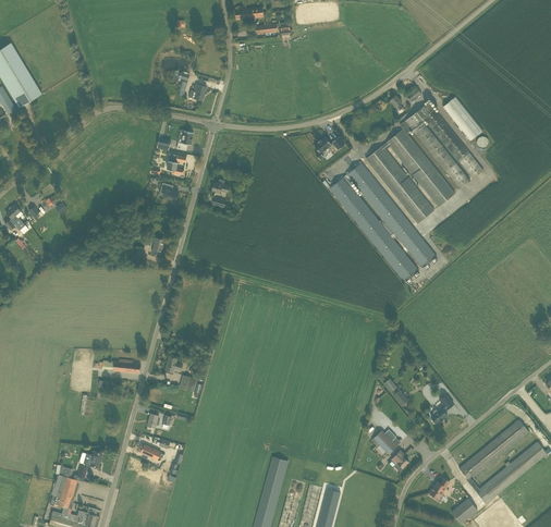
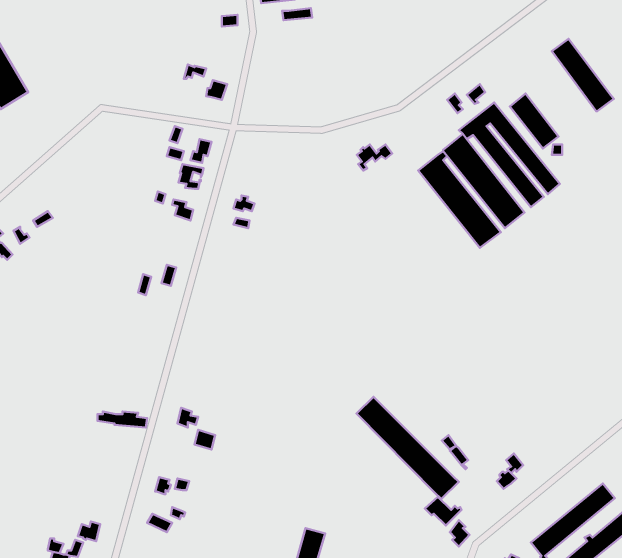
building: none -> [552,39,614,111]
building: [330,162,438,283] -> none
building: none -> [357,397,459,499]

